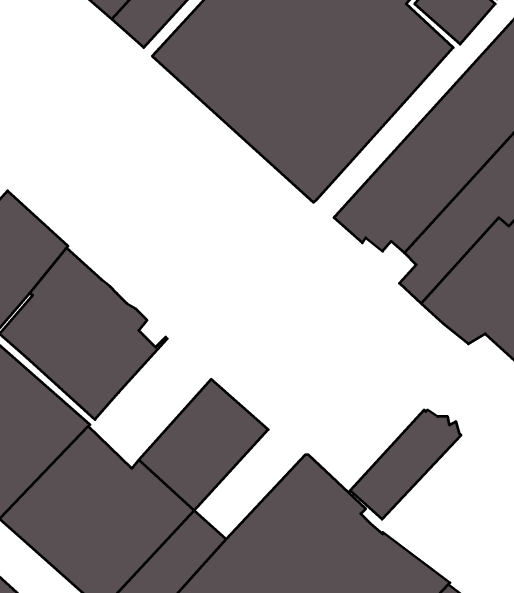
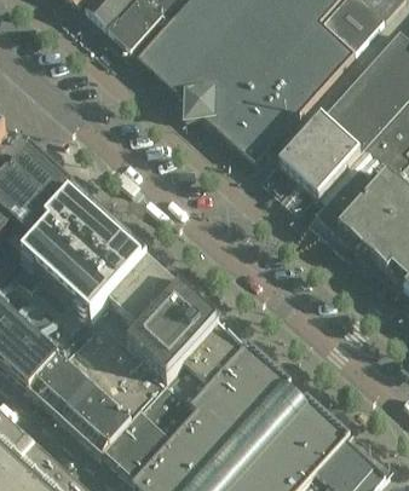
building: none -> [91,259,179,352]
building: [350,410,461,519] -> [167,324,247,403]

